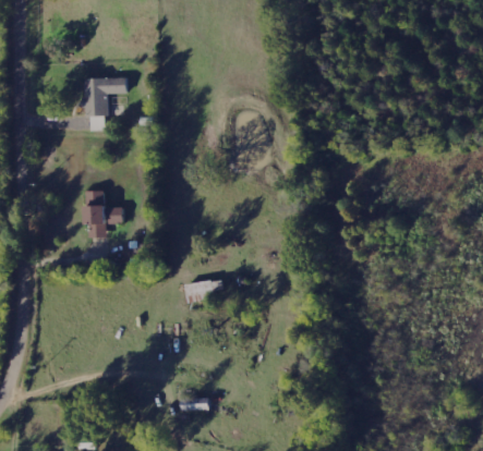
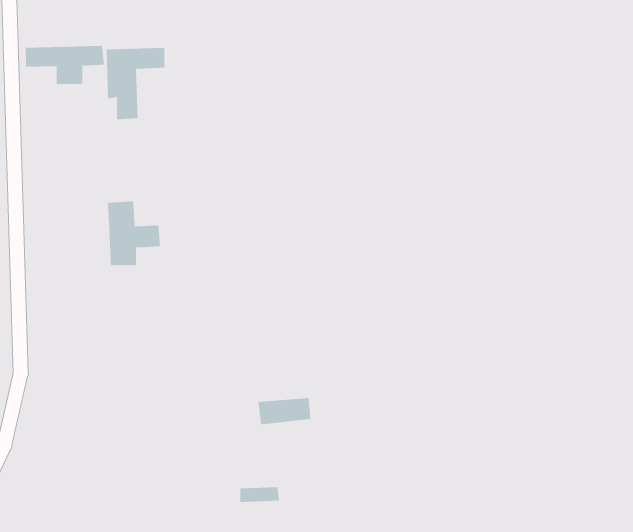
building: none -> [25,45,105,85]
building: [185,280,225,301] -> [258,397,311,425]

